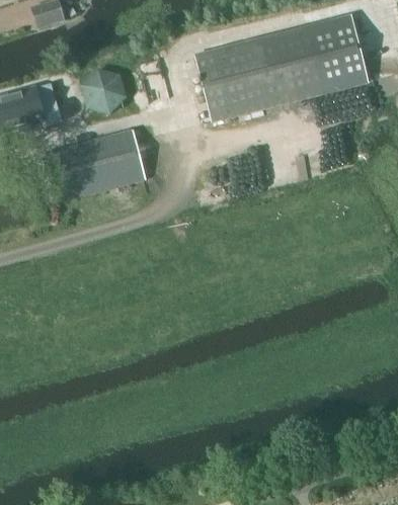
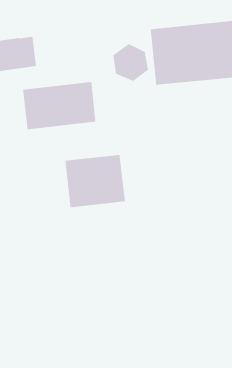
building: [80,67,128,113] -> [112,43,149,82]
building: none -> [64,154,126,208]

